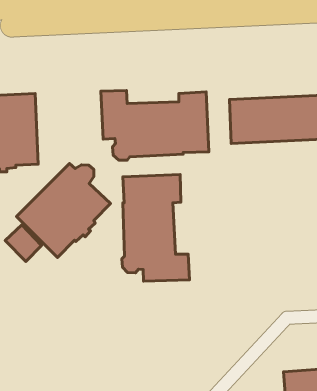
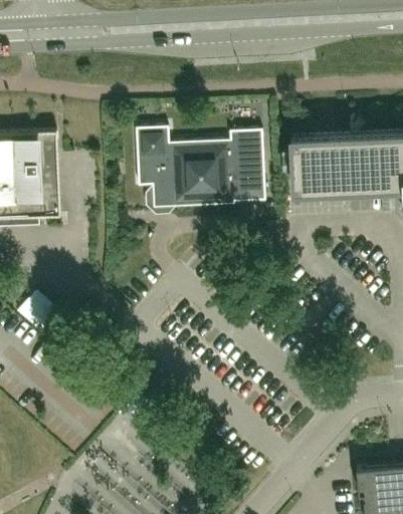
building: [17,164,111,257] -> none
building: [122,175,190,281] -> none

